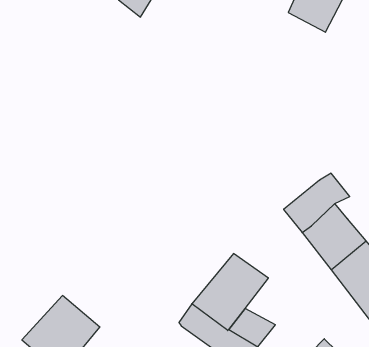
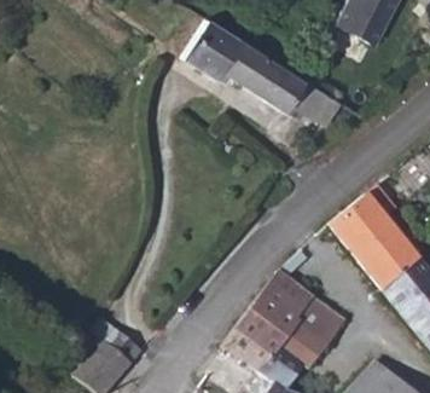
building: none -> [186,18,343,126]
building: none -> [294,297,347,346]

